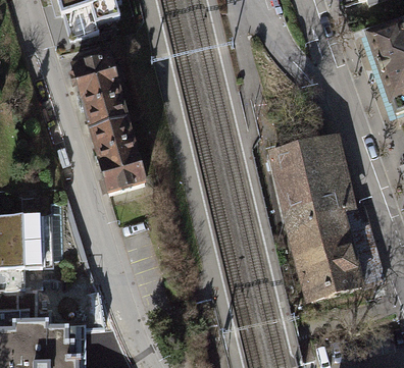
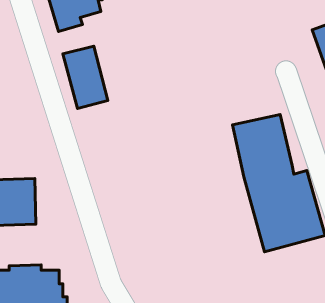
building: [92,121,145,194] -> none

